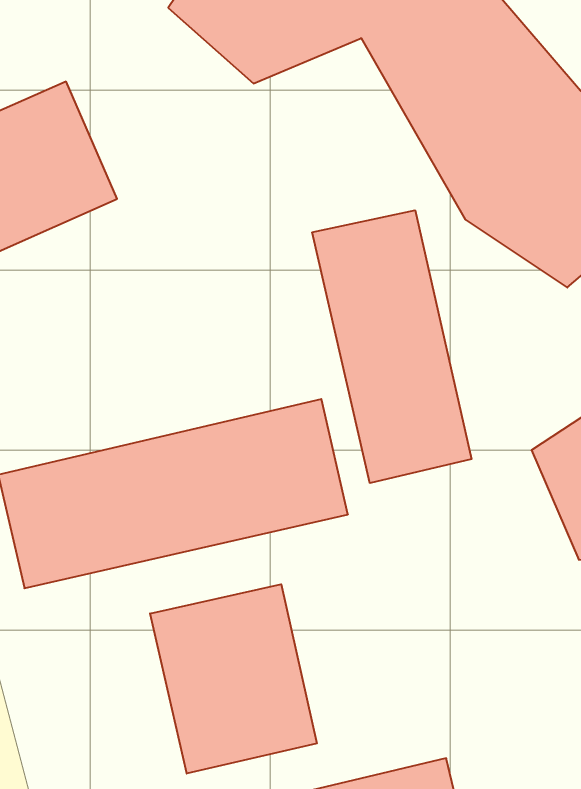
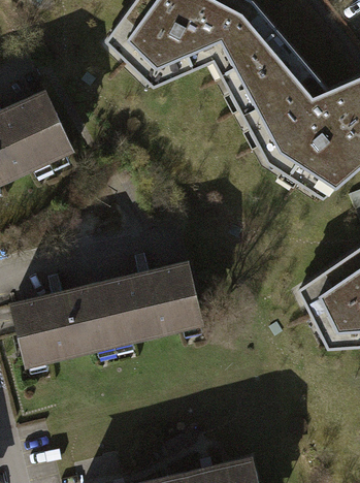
building: [312,210,472,483] -> none
building: [150,584,317,774] -> none

